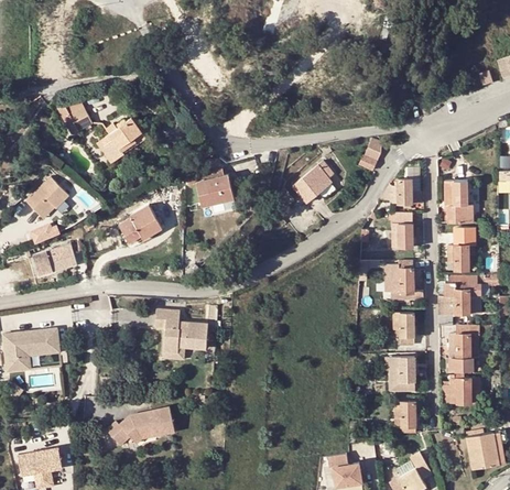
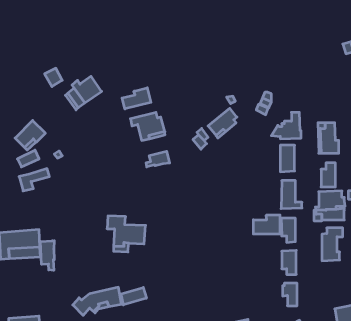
building: none -> [122,88,151,109]
building: [119,206,162,242] -> none
building: none -> [146,151,170,167]
building: none -> [253,215,280,234]
building: none -> [40,241,54,270]
building: [444,374,471,403] -> none
building: none -> [121,287,146,305]

